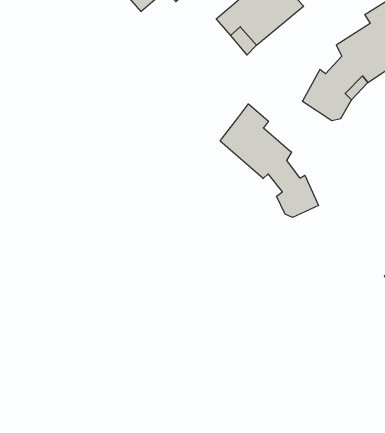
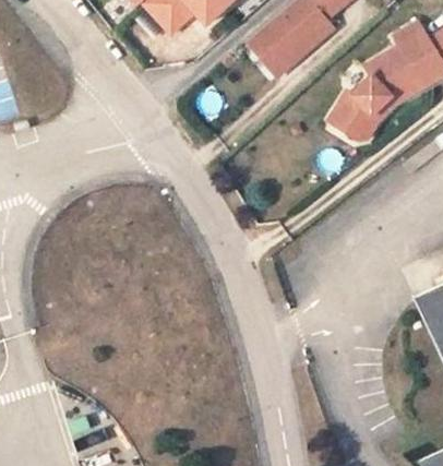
building: [220,104,319,217] -> none

